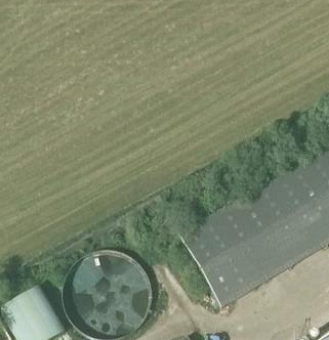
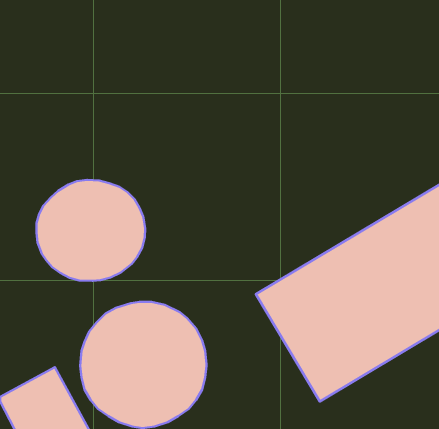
building: none -> [36,180,145,281]

